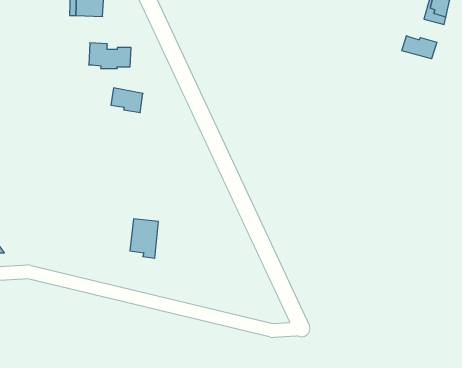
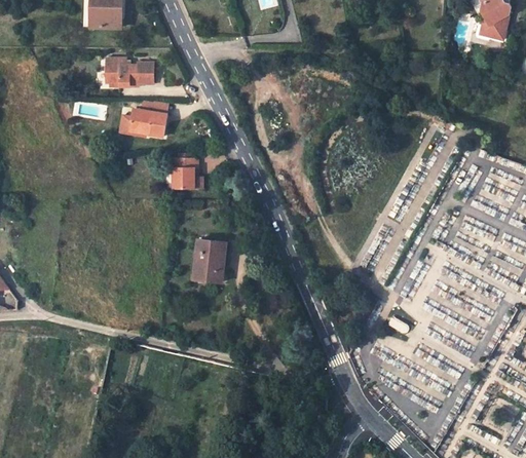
building: [402,36,437,59] -> none
building: none -> [173,157,201,188]
building: [130,219,158,258] -> [193,238,225,282]

